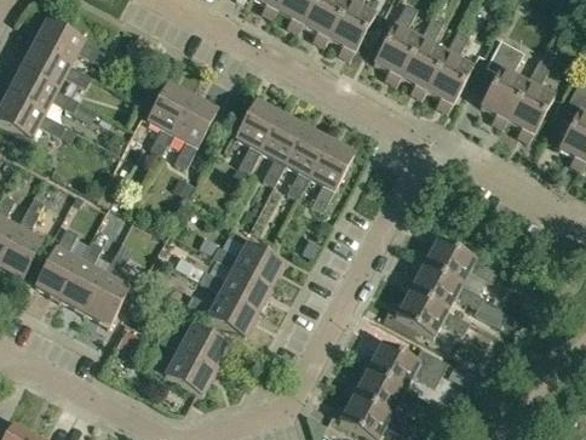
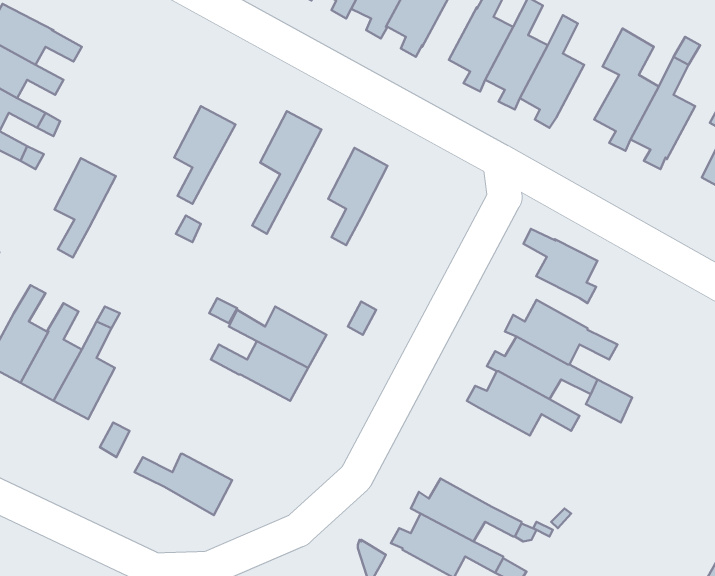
building: [148,81,193,154] -> [55,158,116,257]
building: [262,112,305,184] -> none
building: [310,138,355,210] -> none
building: none -> [523,229,598,303]
building: [186,291,258,336] -> none
building: [157,324,230,368] -> none
building: [360,341,448,388] -> none

